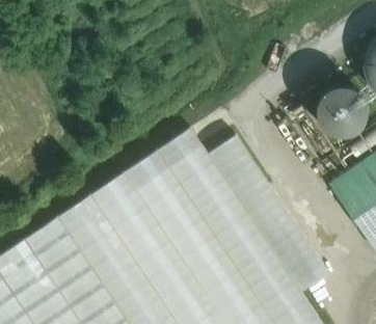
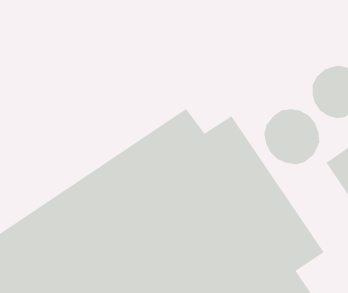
building: none -> [264,108,320,165]

